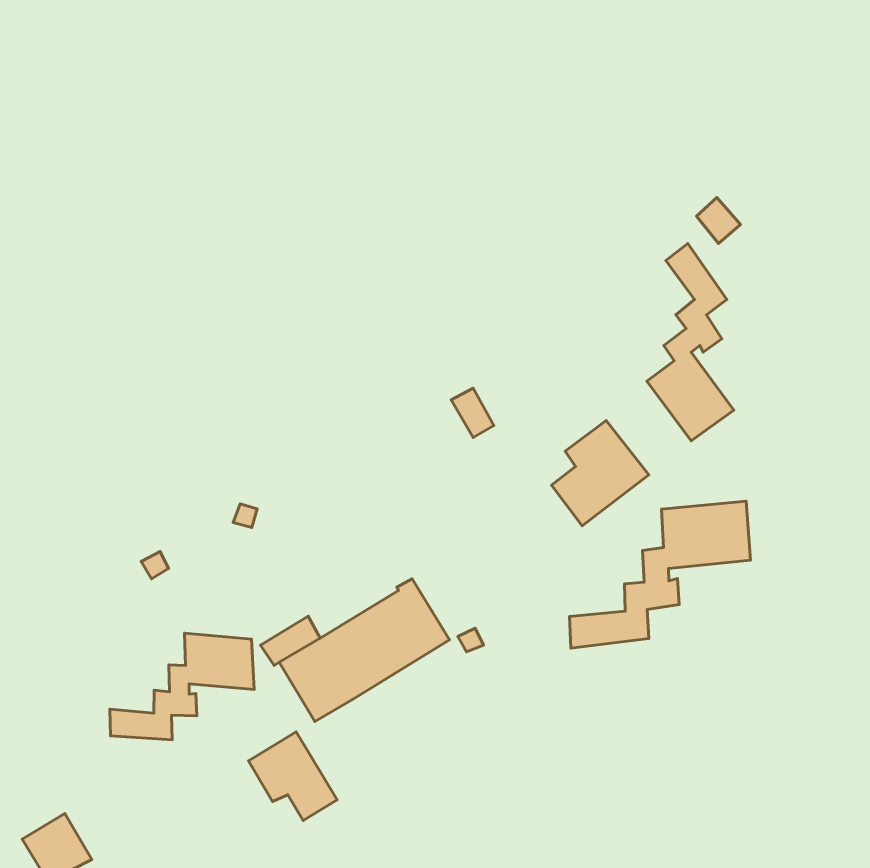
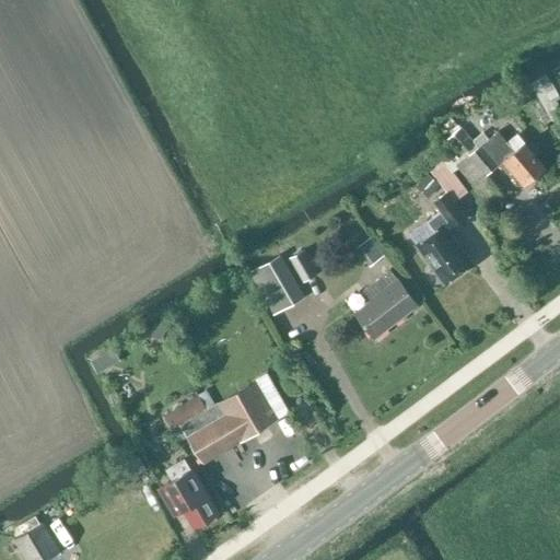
building: none -> [456,132,545,187]
building: none -> [259,256,305,310]
building: [570,501,751,648] -> none
building: [110,633,254,740] -> none

